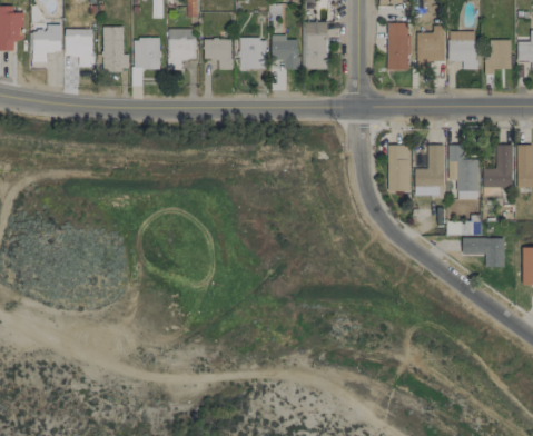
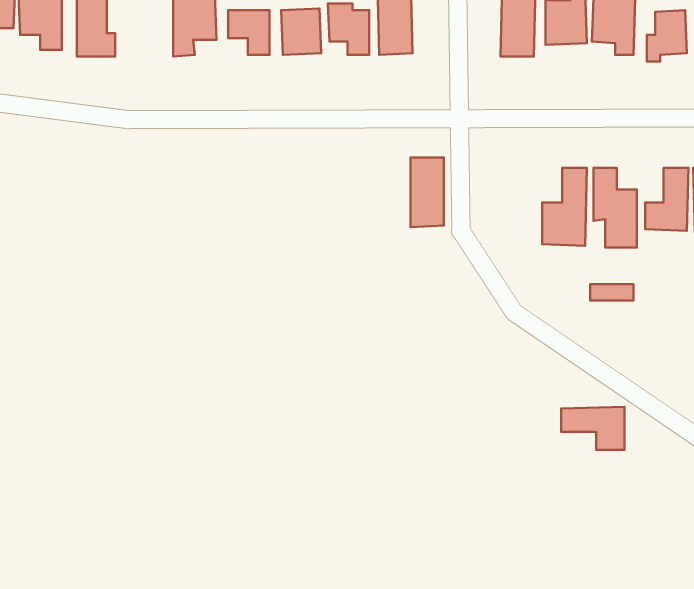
building: [132,38,161,86] -> none
building: [388,145,411,191] -> [410,157,444,227]
building: [463,237,505,266] -> [561,407,624,450]

